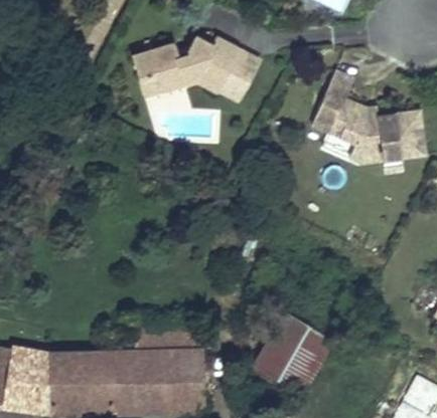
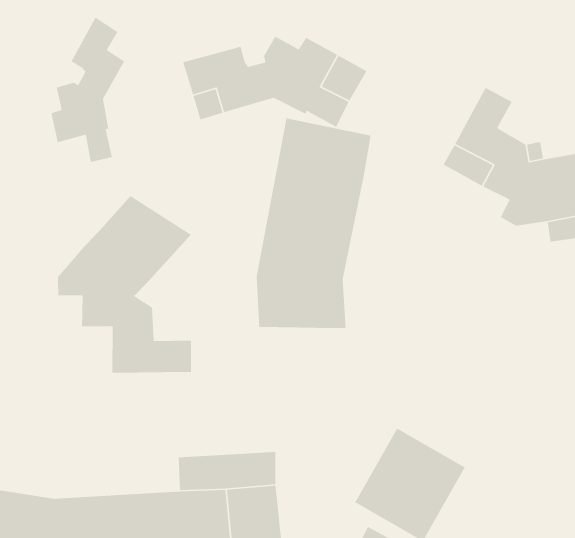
building: none -> [51,16,125,163]
building: none -> [256,118,372,329]
building: none -> [57,195,192,373]

